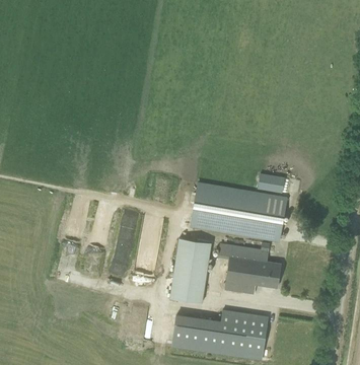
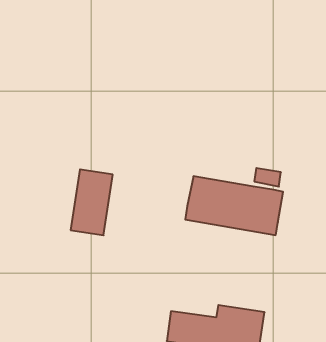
building: [170,237,212,302] -> [71,169,113,235]
building: [219,242,281,292] -> none

